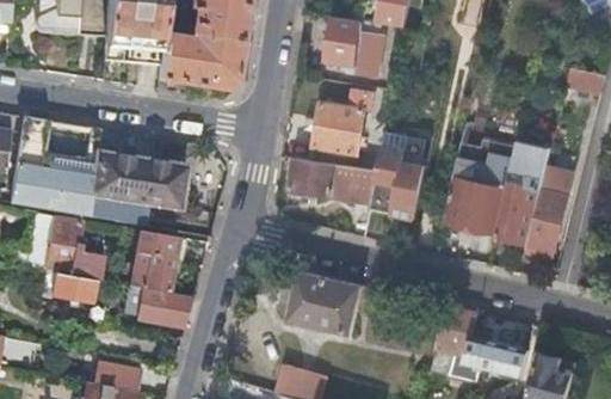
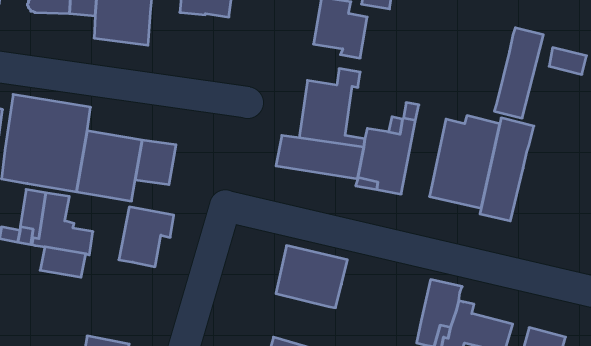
building: [155,32,240,91] -> none
building: [524,167,574,259] -> [494,28,543,118]
building: [136,287,192,327] -> none

